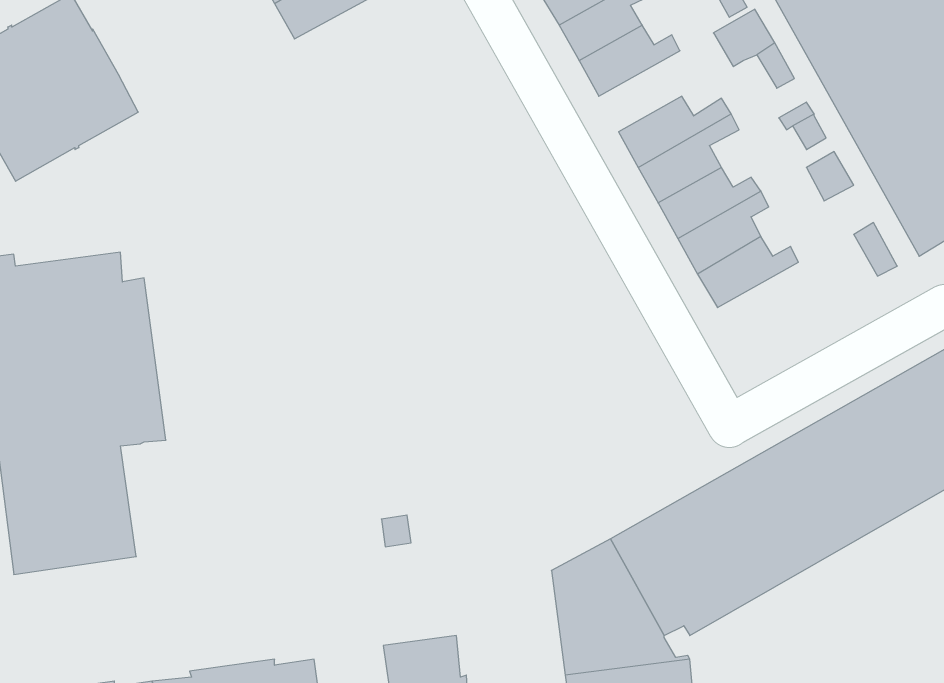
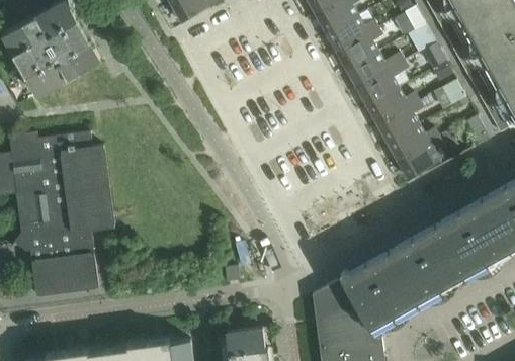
building: none -> [336,27,382,69]
building: none -> [397,136,452,178]

